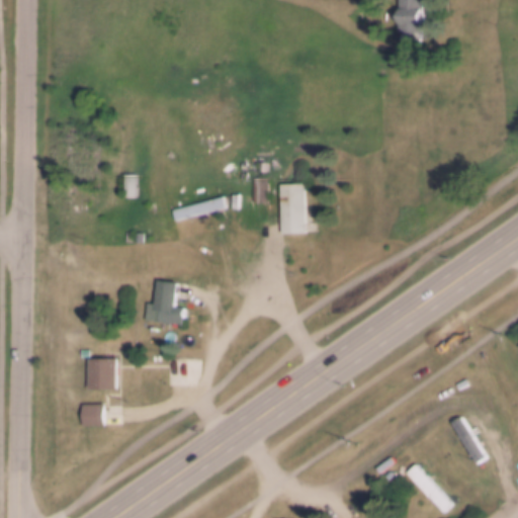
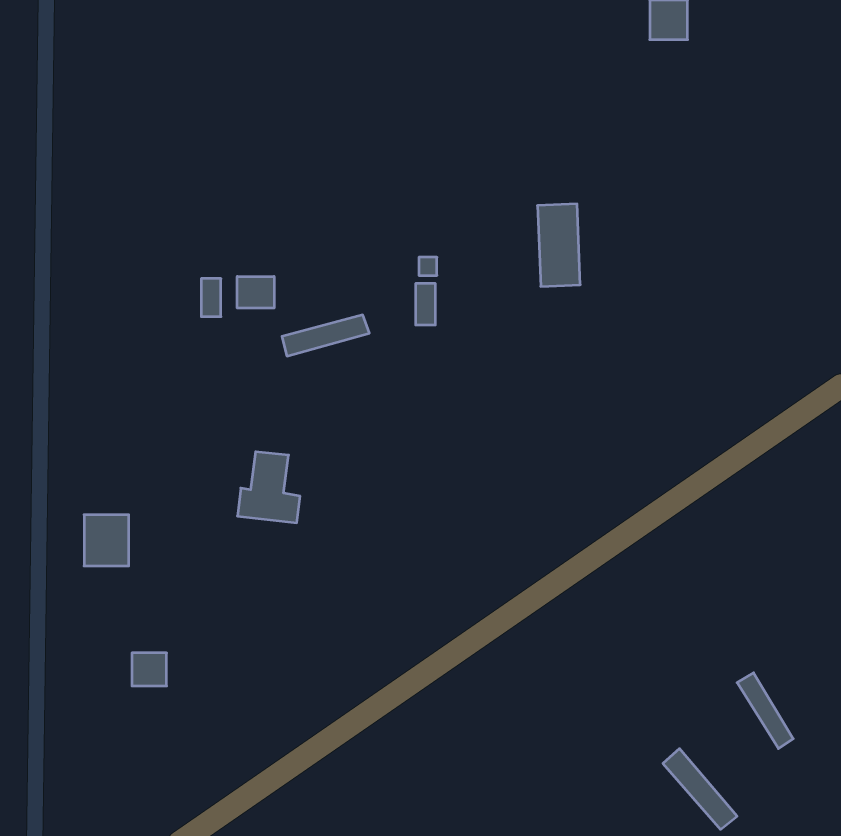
building: none -> [237,276,274,308]
building: [280,184,307,235] -> [537,204,580,286]
building: [88,359,115,391] -> [84,515,129,566]

